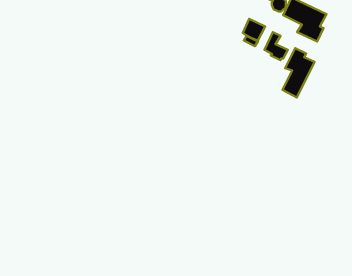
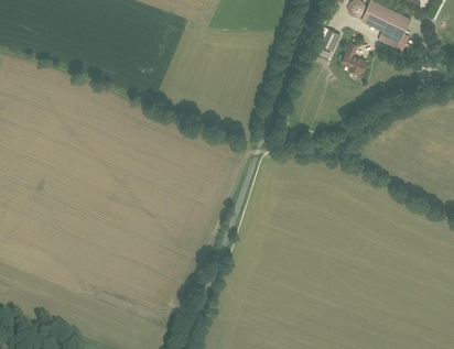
building: [283,48,315,97] -> none

